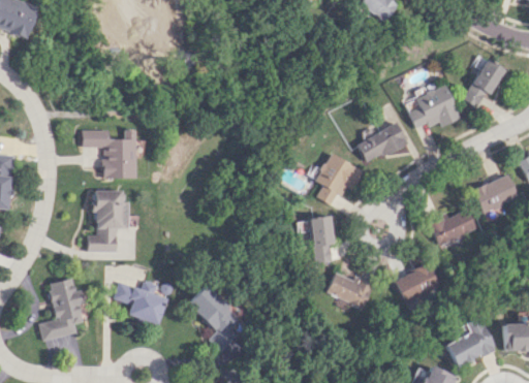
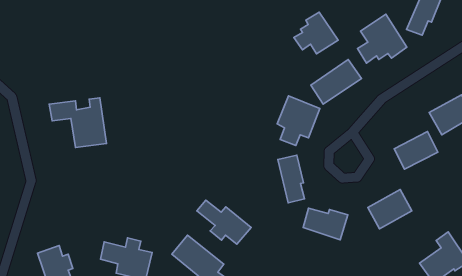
building: none -> [294,12,338,54]
building: [86,190,127,252] -> none
building: none -> [197,200,251,244]

